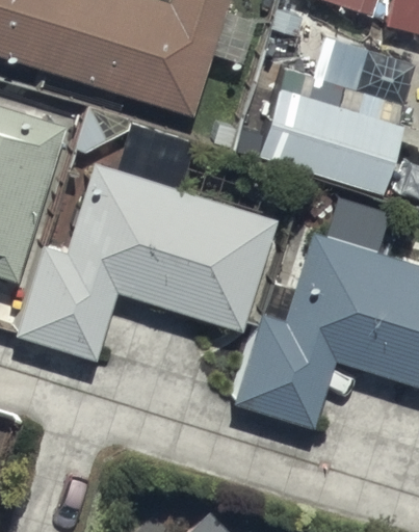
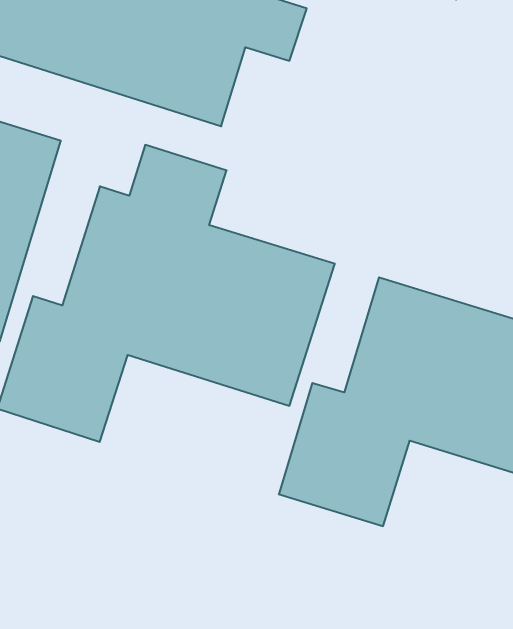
building: [258,66,402,193] -> none

